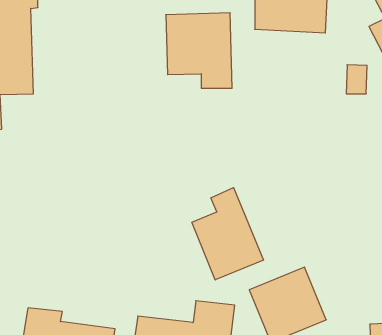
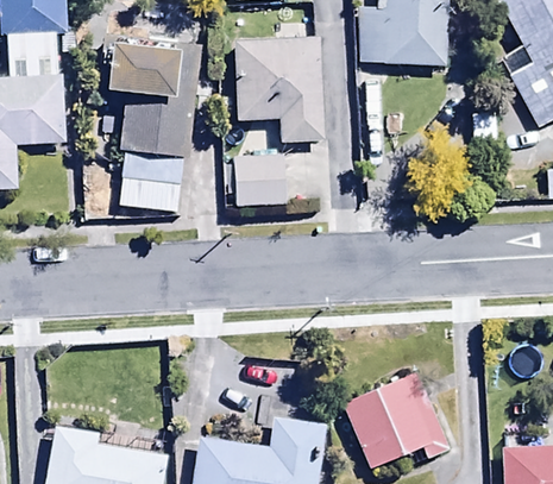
building: none -> [107,33,202,213]
building: none -> [234,156,283,205]
building: [192,188,264,280] -> none

